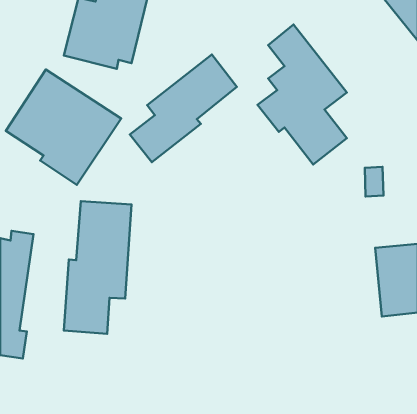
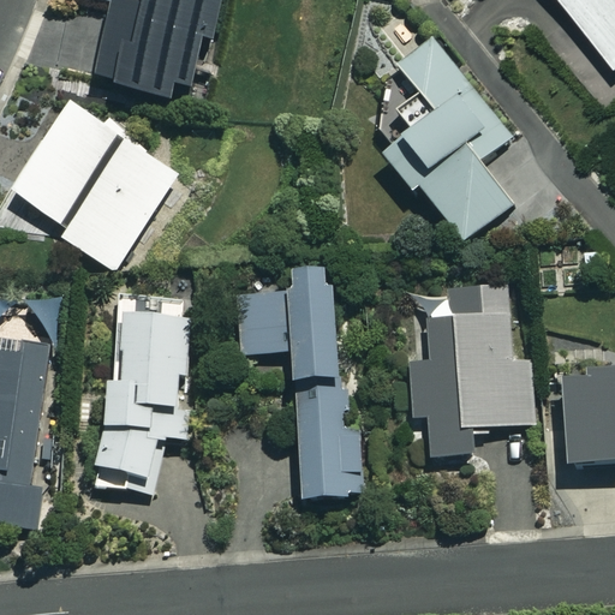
building: [130,55,237,162] -> none
building: none -> [235,268,364,498]
building: none -> [408,285,535,454]

